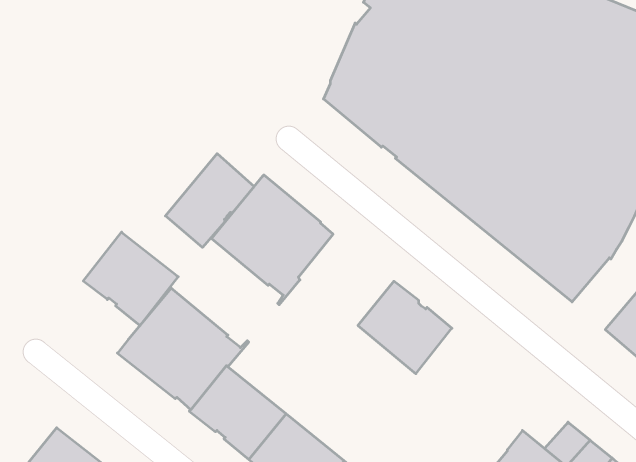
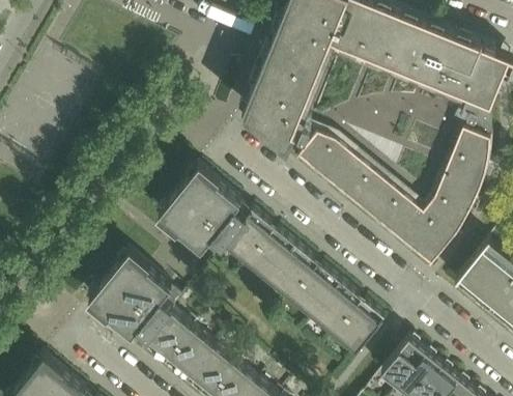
building: [165,154,254,247] -> none
building: [83,232,178,326] -> none
building: none -> [225,211,296,281]
building: none -> [313,283,384,355]
building: none -> [393,340,427,373]

